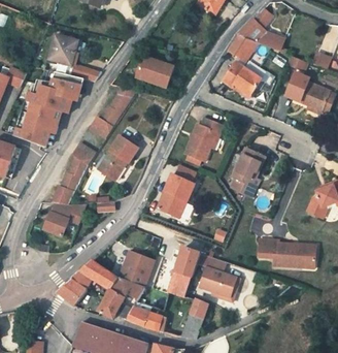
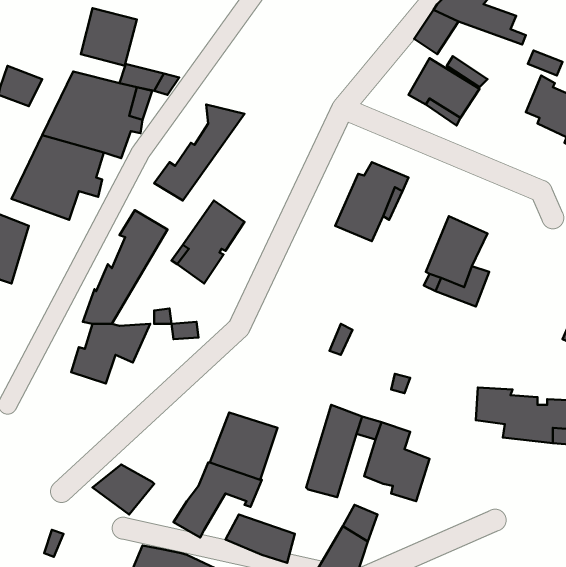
building: [134,57,172,87] -> none
building: [159,173,195,218] -> none
building: [70,260,116,290] -> none

